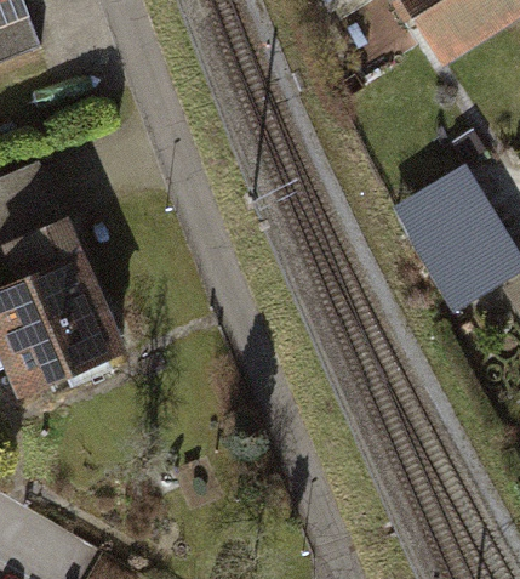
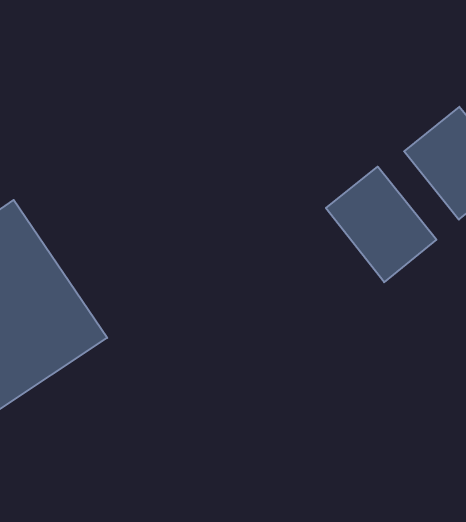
building: none -> [326,167,436,282]

